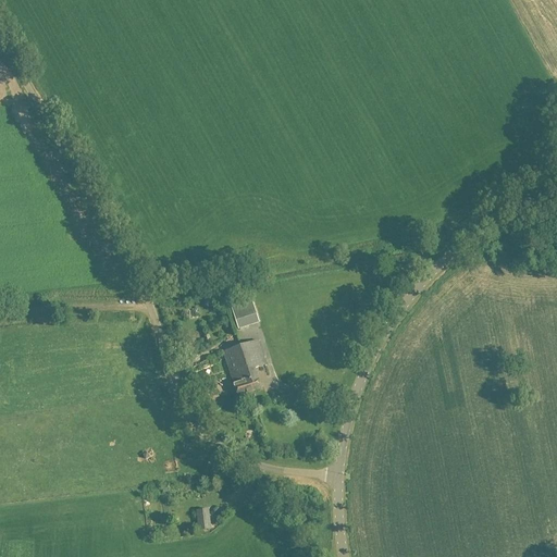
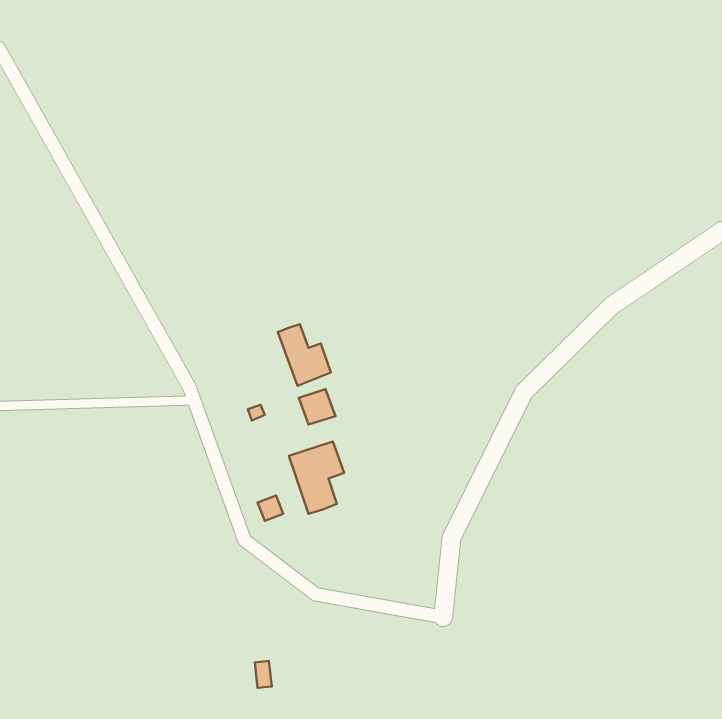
building: none -> [278,324,331,386]

